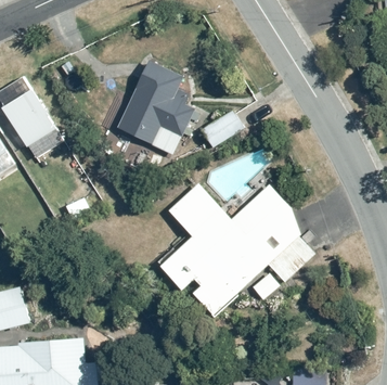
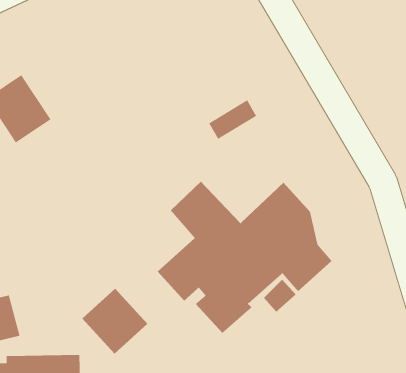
building: [117,57,203,153] -> none
building: none -> [81,288,148,354]

